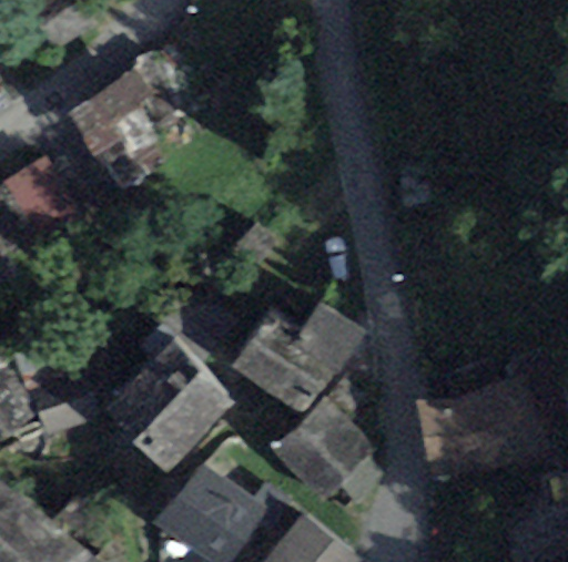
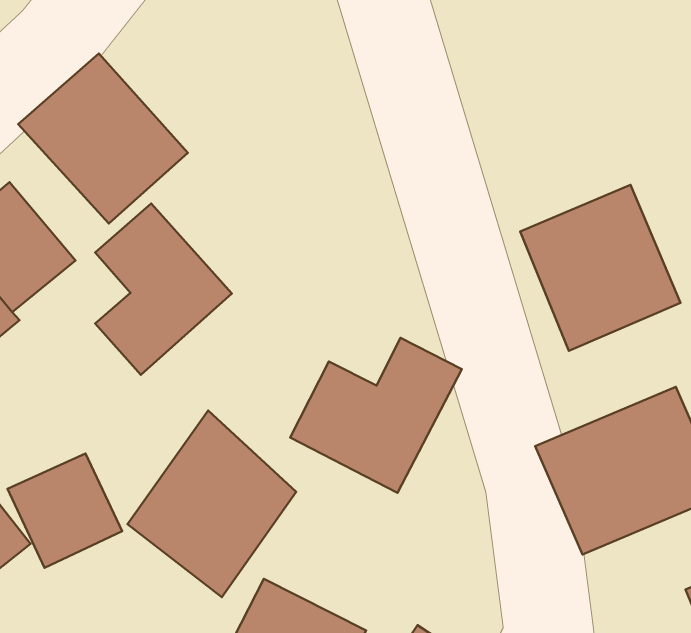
building: none -> [95,203,232,375]
building: none -> [520,185,680,351]
building: [268,401,382,504] -> none

